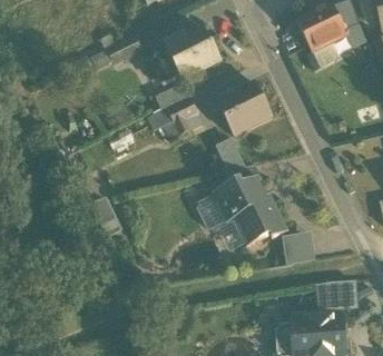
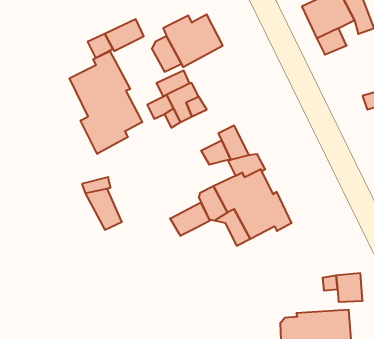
building: none -> [69,51,142,154]
building: [217,82,273,136] -> none
building: none -> [170,203,210,236]
building: [279,234,313,266] -> none

